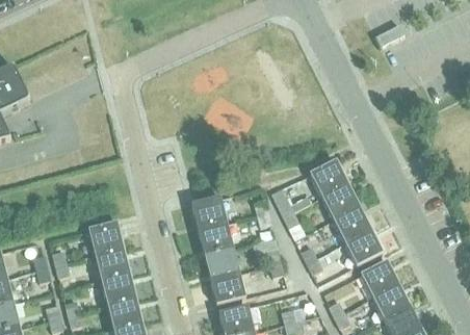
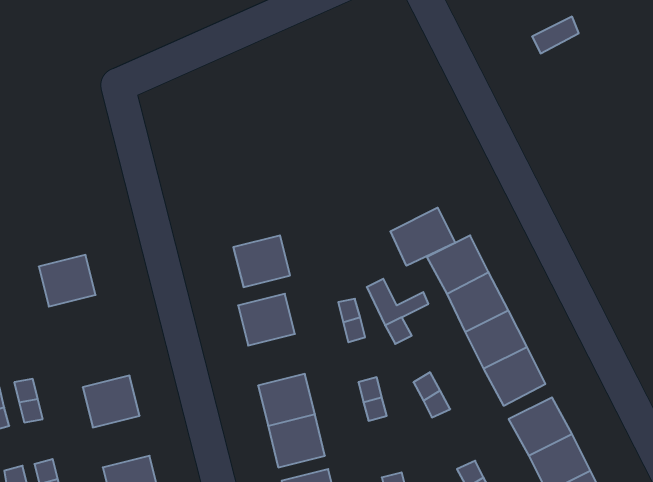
building: none -> [390,208,455,266]
building: [198,221,233,253] -> [233,235,290,287]
building: [88,222,124,254] -> [39,255,96,307]
building: [101,272,136,304] -> none

